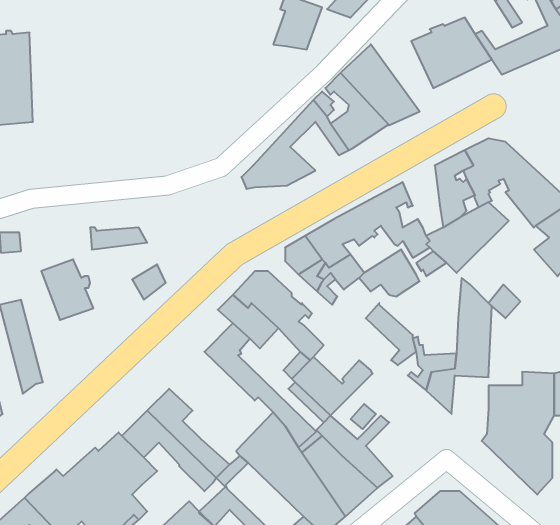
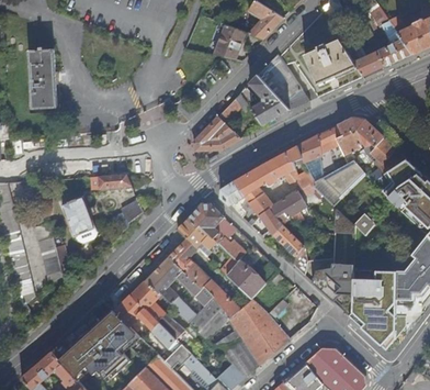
building: none -> [297,135,321,176]
building: none -> [259,209,288,241]
building: none -> [145,257,213,322]
building: none -> [329,272,353,305]

